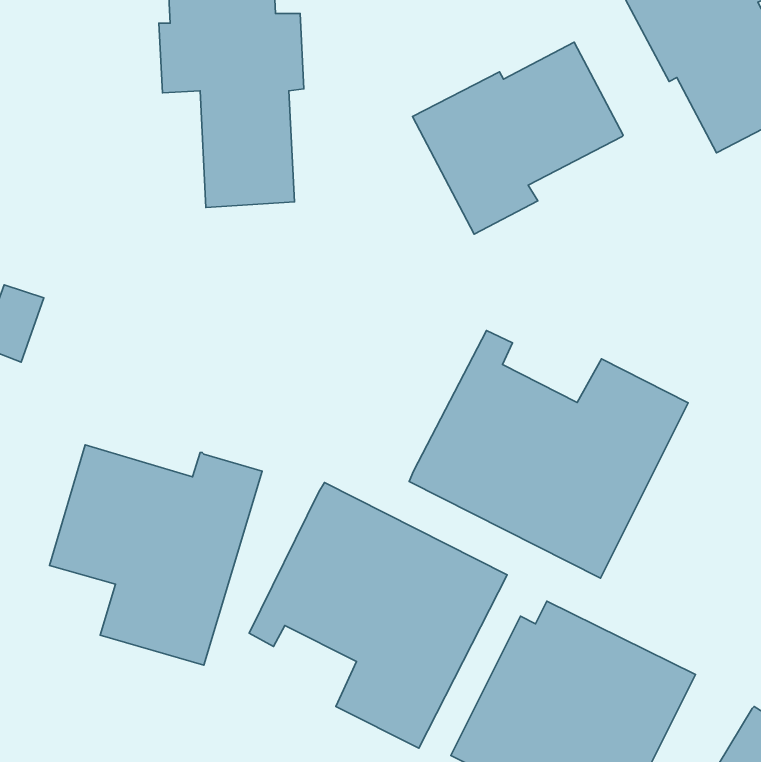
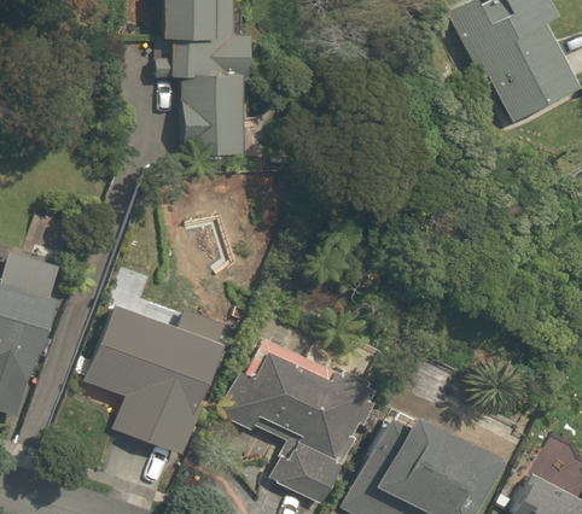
building: [413,42,623,234] -> none
building: [409,330,688,578] -> none

